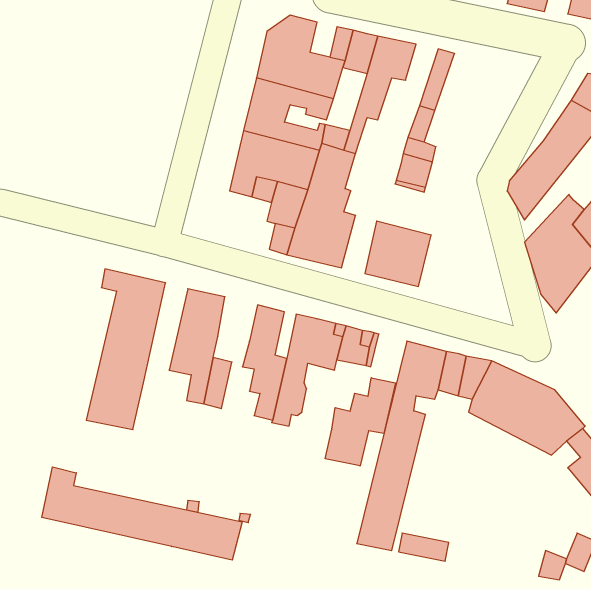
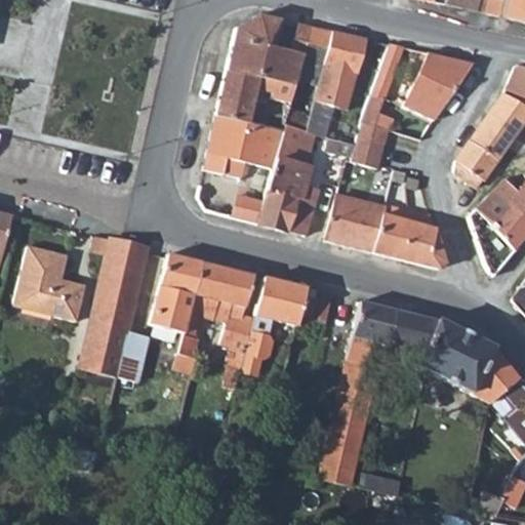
building: none -> [408,52,473,115]
building: none -> [372,215,448,269]
building: none -> [12,247,85,324]
building: none -> [196,261,231,300]
building: [325,378,395,466] -> none
building: none -> [121,337,152,382]
building: [42,467,242,560] -> none

